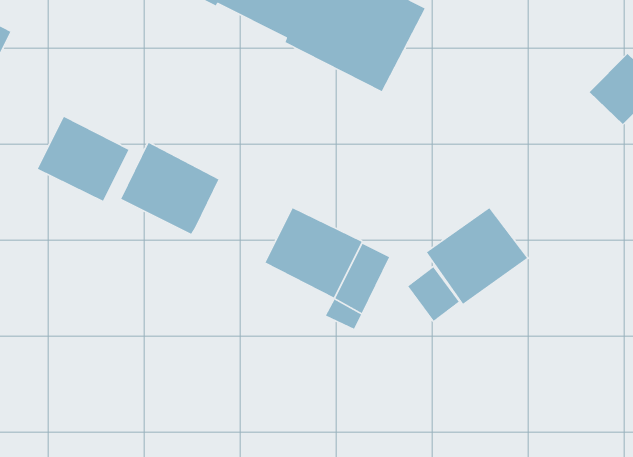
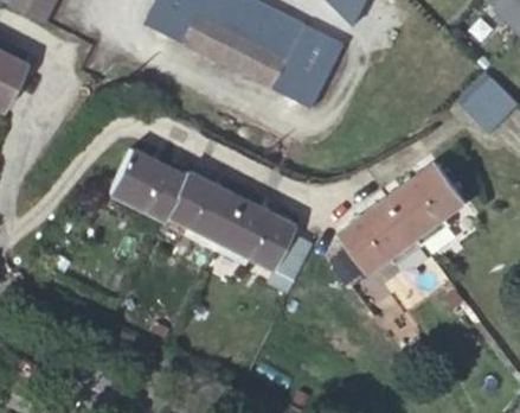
building: [37,116,130,202] -> none
building: none -> [390,161,467,236]
building: none -> [166,171,239,240]

